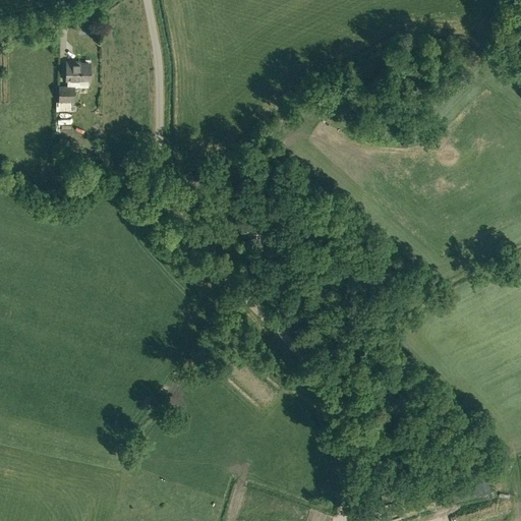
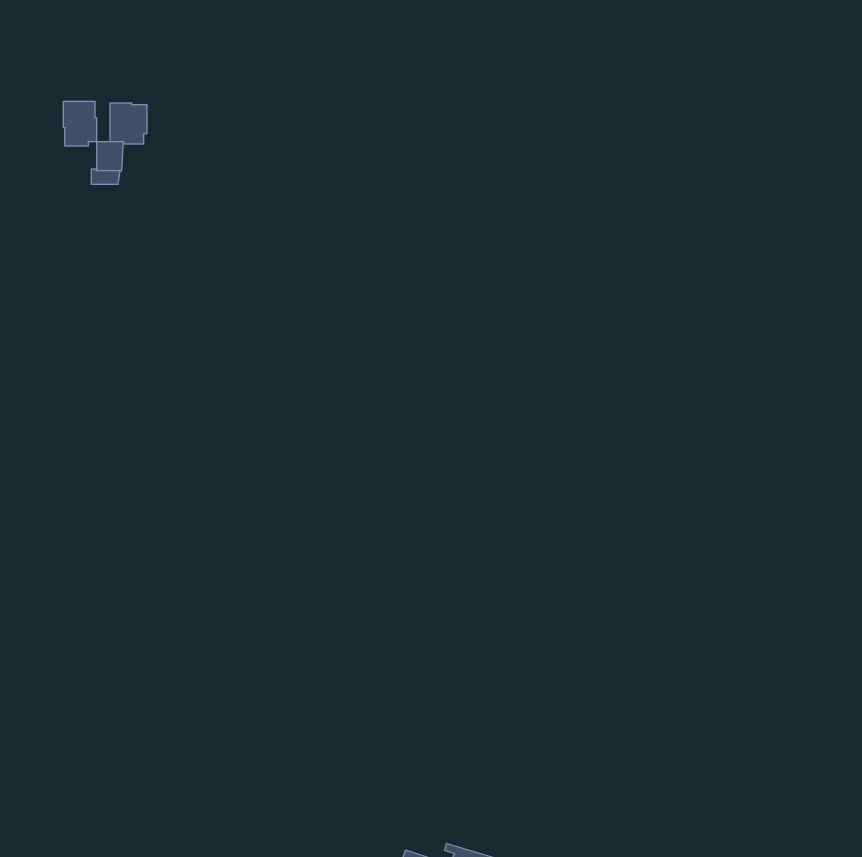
building: none -> [64,101,96,146]

